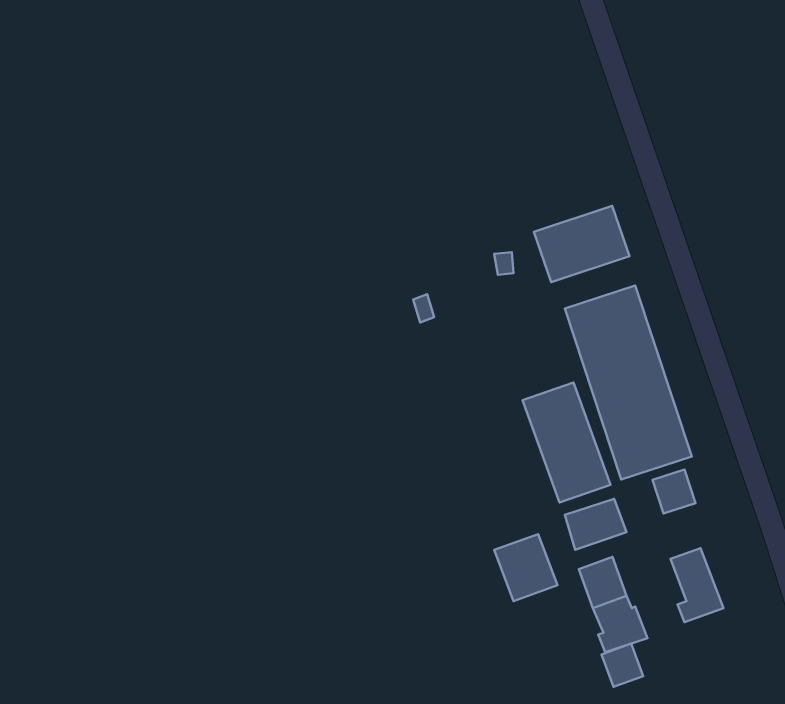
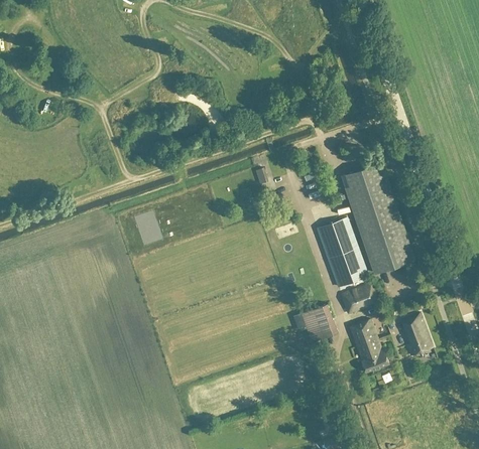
building: [534,206,630,282] -> none
building: [652,469,695,513] -> none
building: [601,644,643,687] -> none

